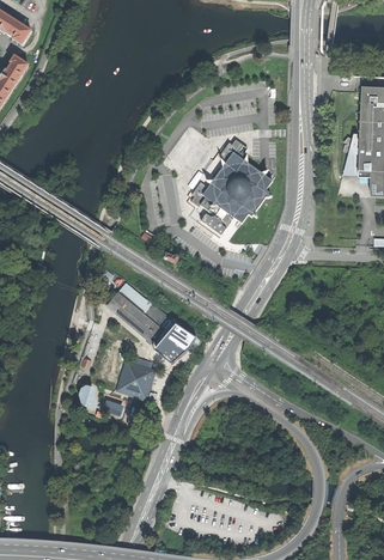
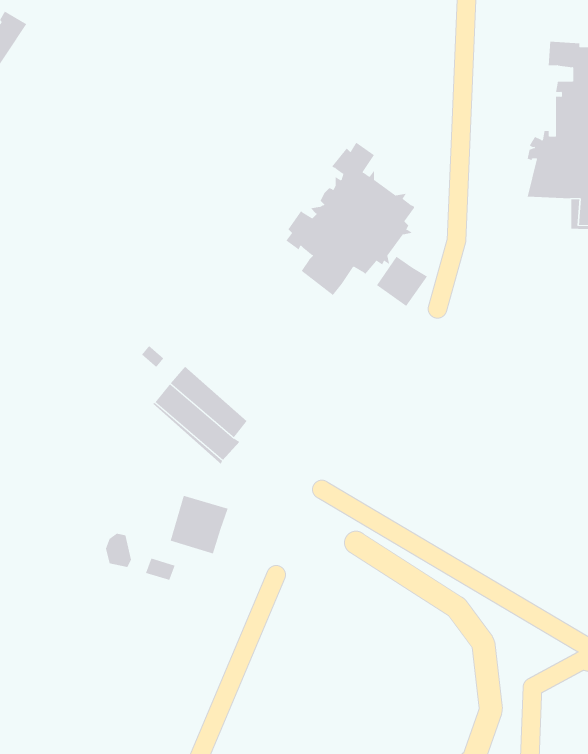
building: none -> [376,256,428,307]
building: [154,323,196,364] -> none

